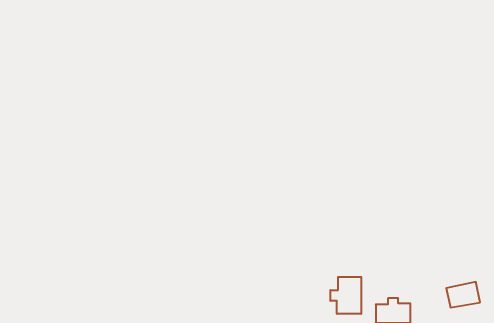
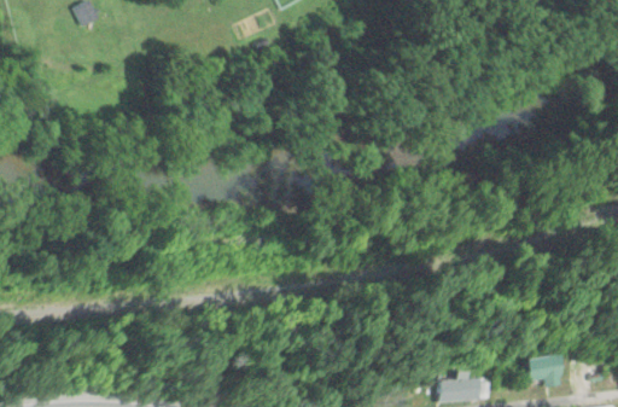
building: [330,277,361,314] -> none

